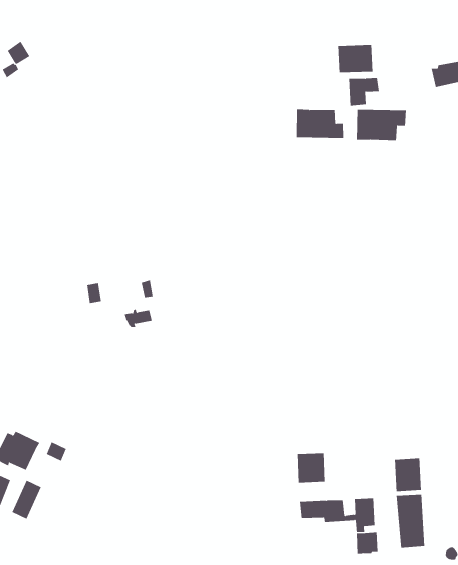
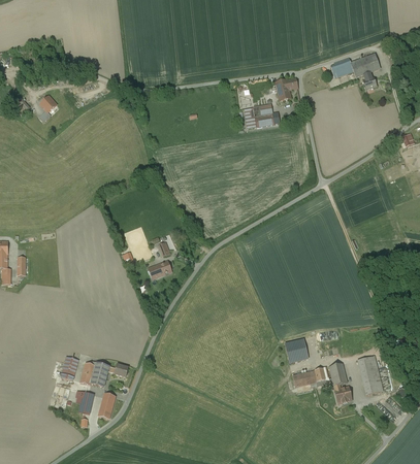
building: [338,44,373,73] -> none
building: [356,109,406,141] -> none
building: [394,458,421,492] -> none

